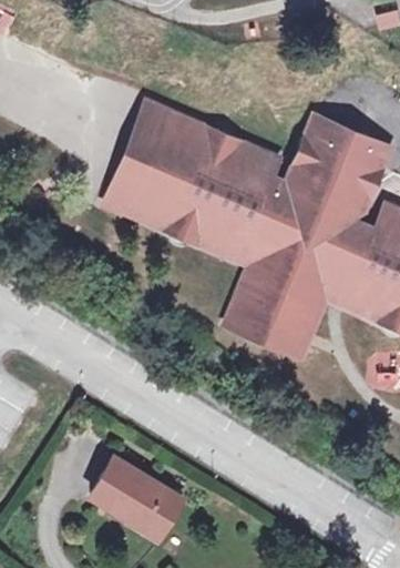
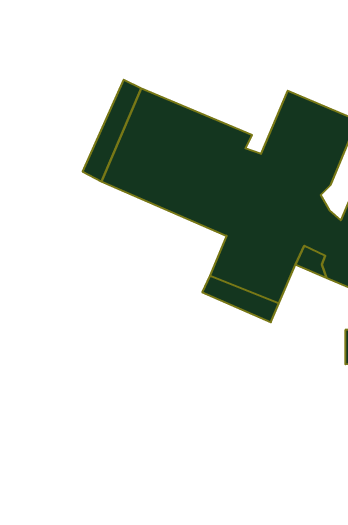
building: [91,457,181,534] -> none

